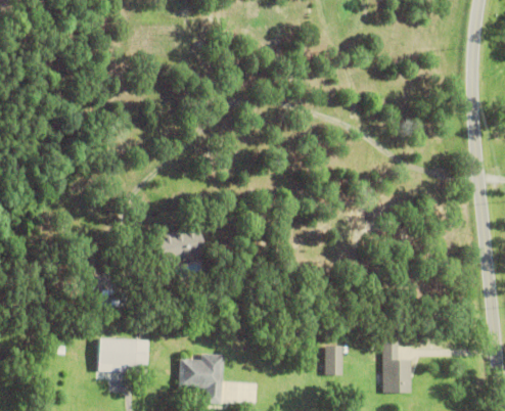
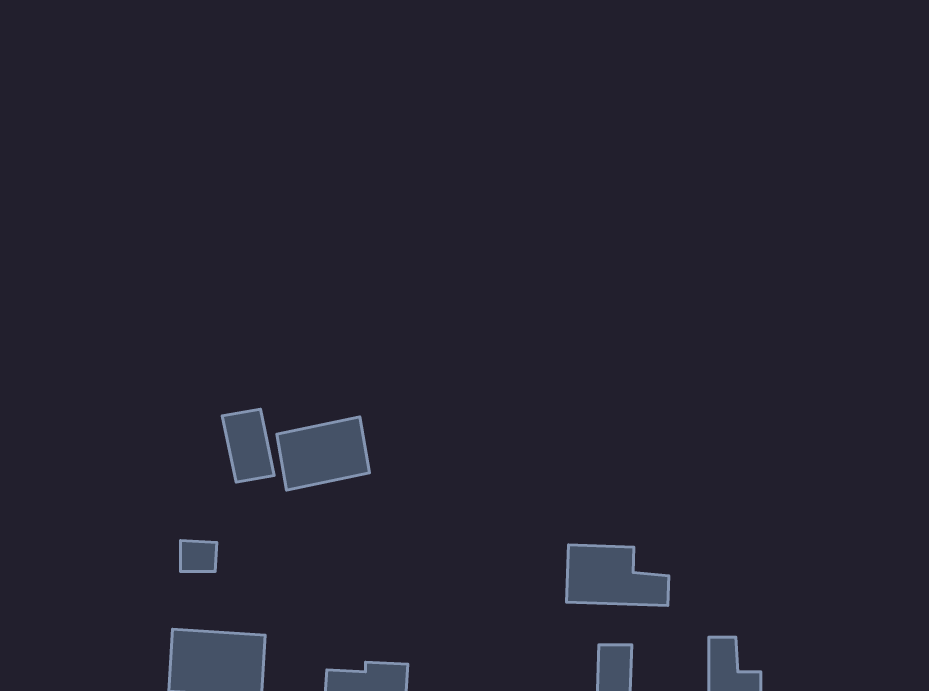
building: none -> [222,409,274,482]
building: none -> [566,545,669,606]

